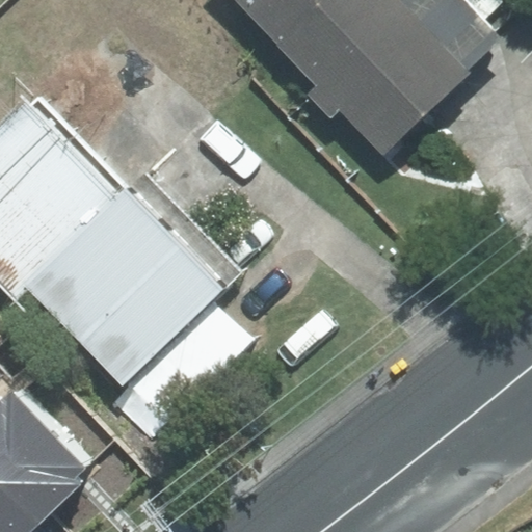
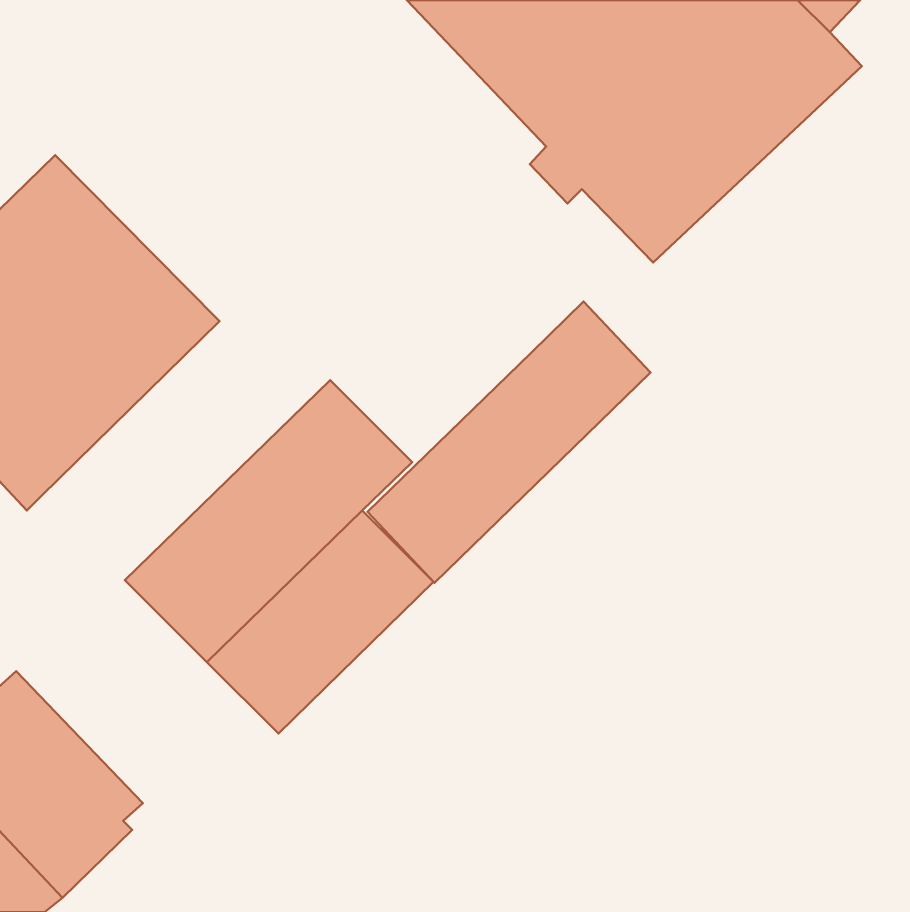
building: [24,171,192,338] -> none
building: none -> [368,301,651,583]

